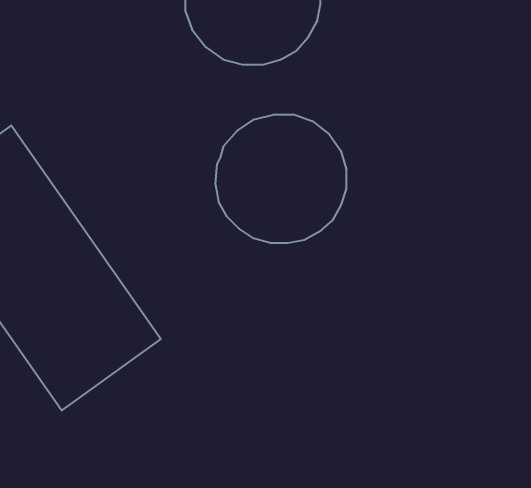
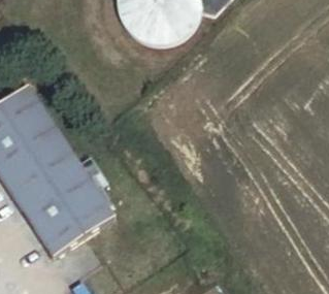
building: [216,114,346,243] -> none

